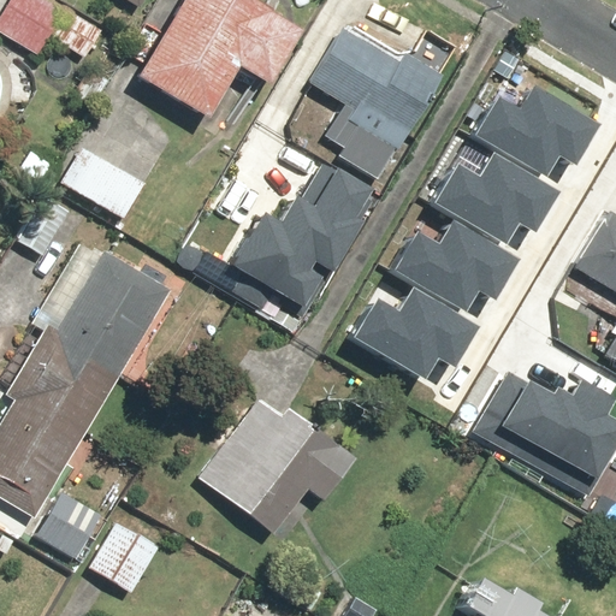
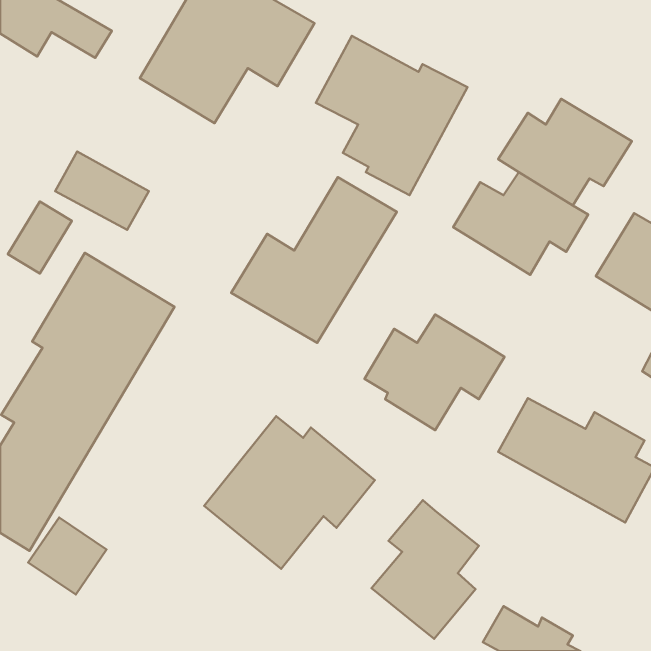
building: [392,226,517,322] -> none
building: none -> [371,500,479,639]
building: [90,515,165,591] -> none

